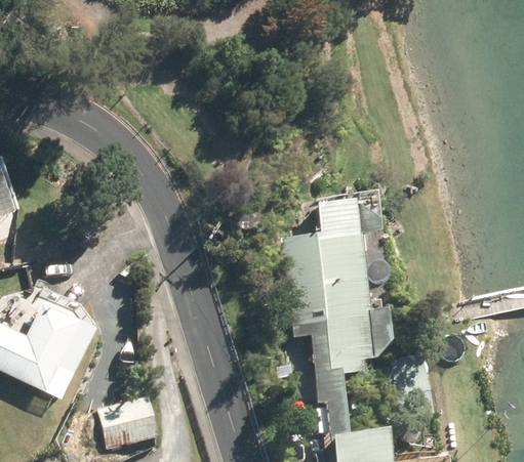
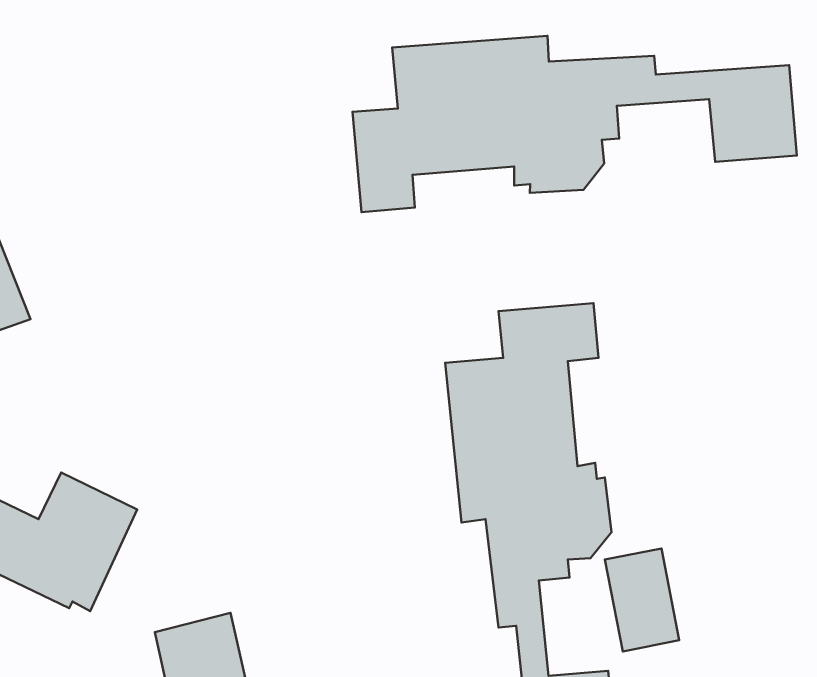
building: none -> [352,36,797,212]

